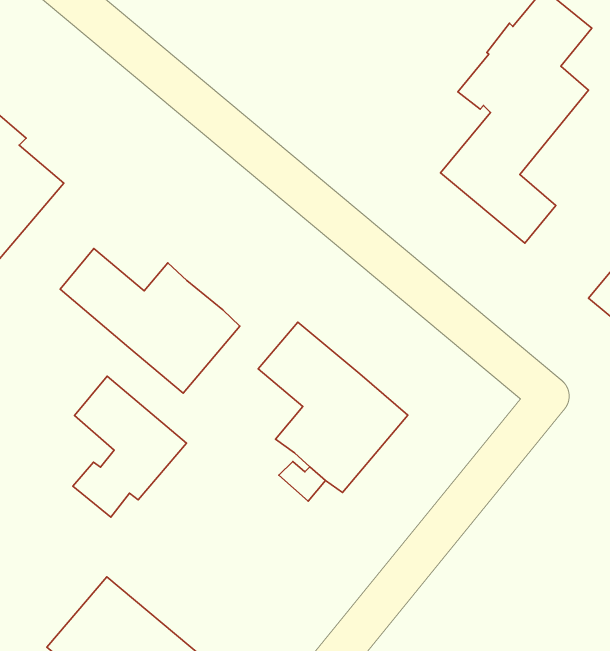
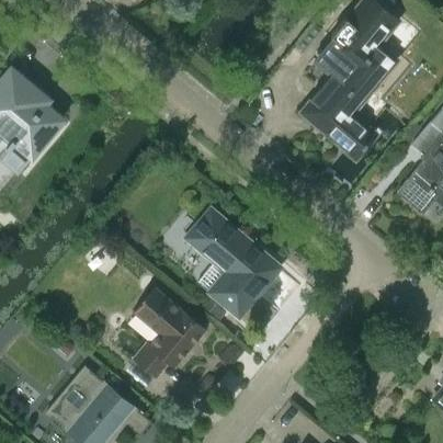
building: [60,249,240,393] -> none
building: [73,376,186,517] -> [133,287,205,377]

